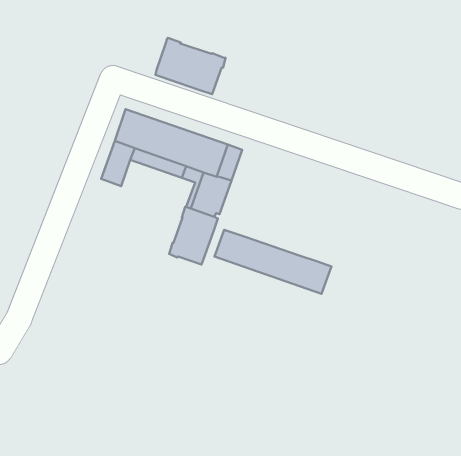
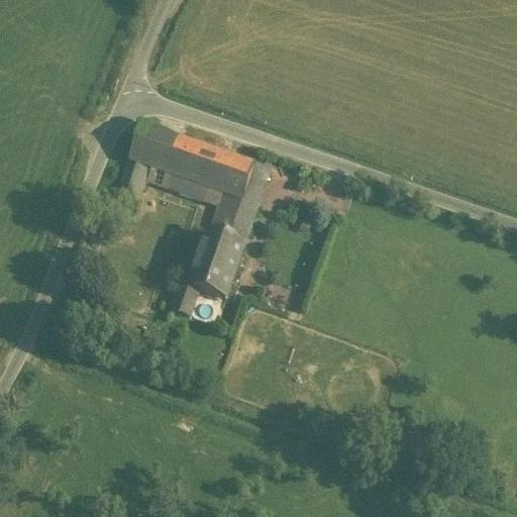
building: [155,38,225,94] -> none
building: [215,230,332,294] -> none
building: none -> [171,279,198,315]

